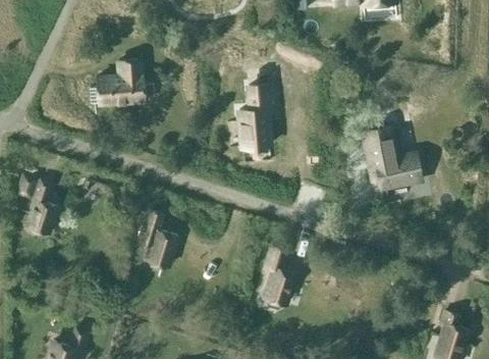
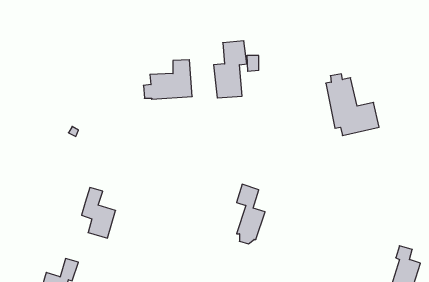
building: [90,60,144,104] -> [143,60,192,99]
building: [14,173,55,233] -> none
building: [140,210,177,266] -> [82,188,116,238]

